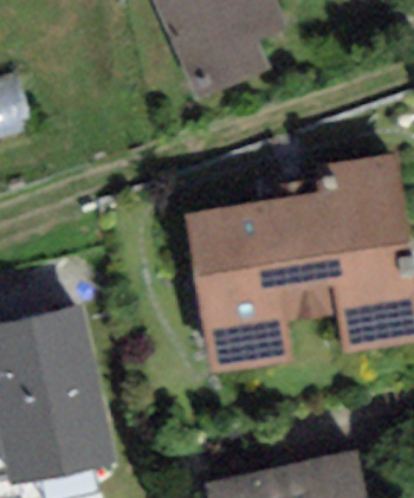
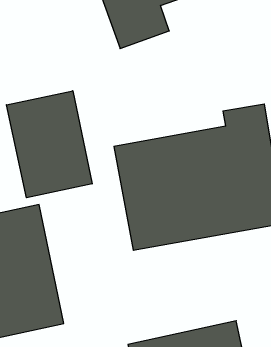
building: none -> [6,91,92,198]

